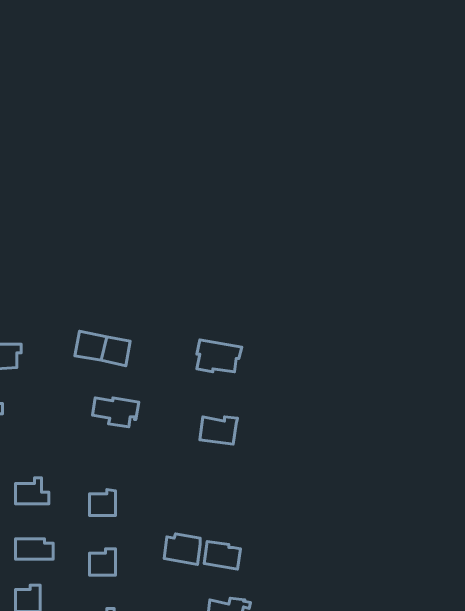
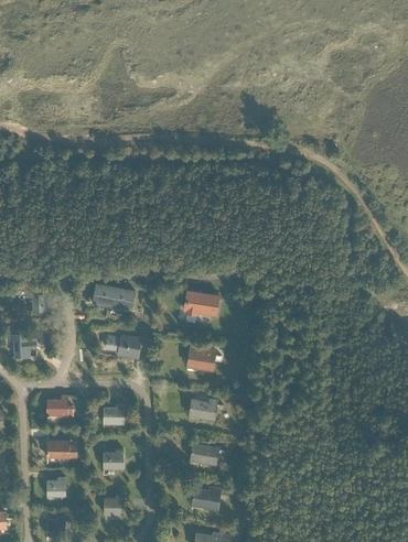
building: [164,534,200,564] -> [189,397,216,420]

